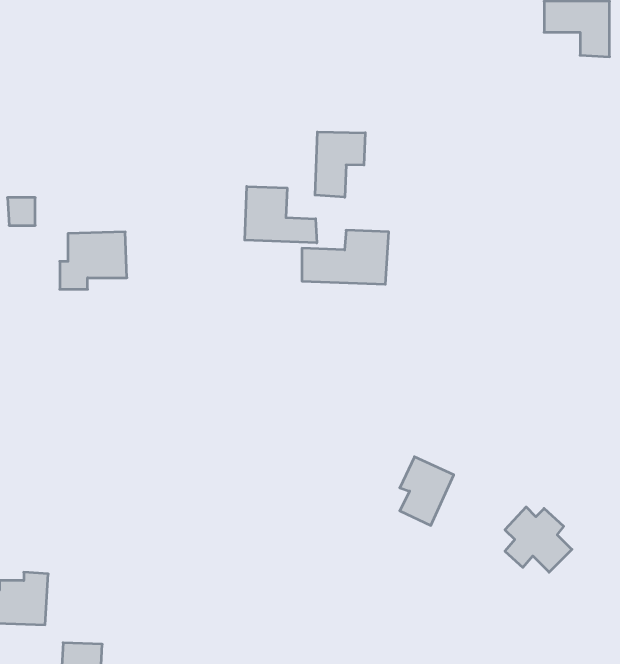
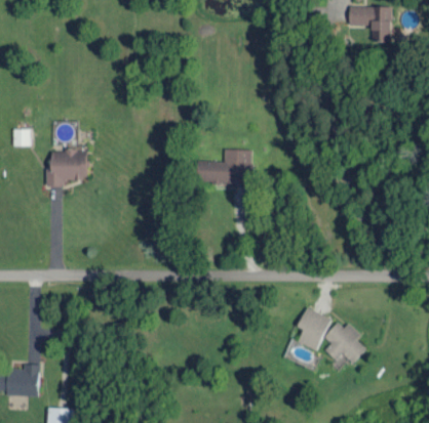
building: [315,132,365,197] -> none
building: [245,186,317,243] -> none
building: [400,457,454,525] -> [297,308,330,351]

